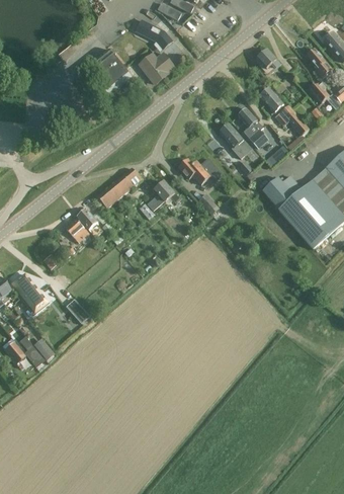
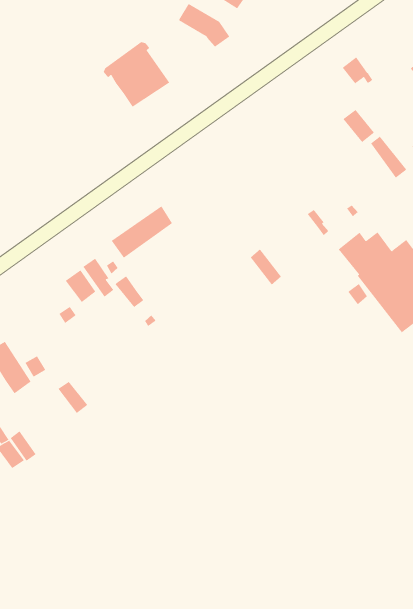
building: [141,53,174,83] -> none
building: [237,107,267,148] -> none
building: [219,122,251,159] -> none
building: [178,159,209,184] -> none
building: [146,180,179,211] -> none

